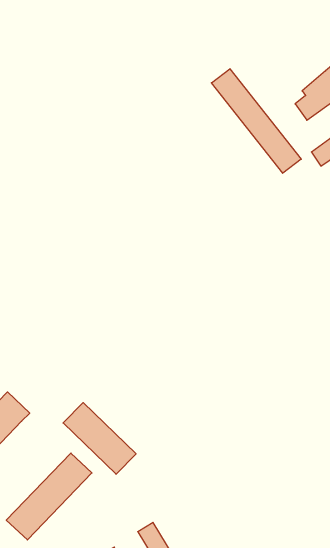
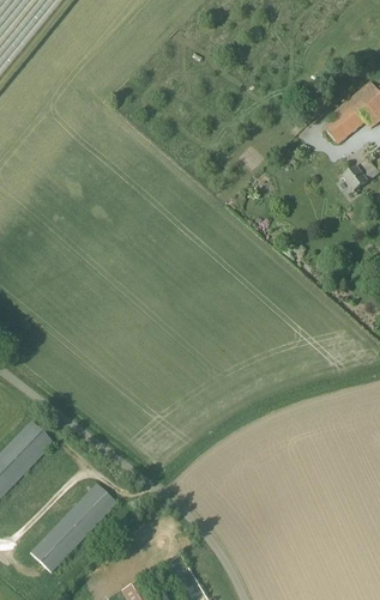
building: [211,69,301,173] -> none
building: [63,403,136,474] -> none

